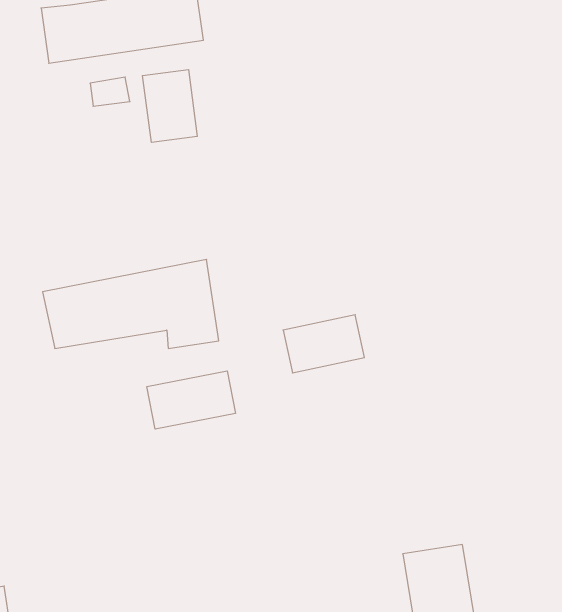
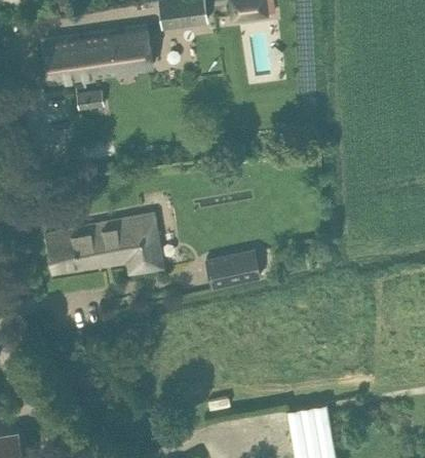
building: [142,70,197,142] -> none
building: [147,371,235,429] -> none

